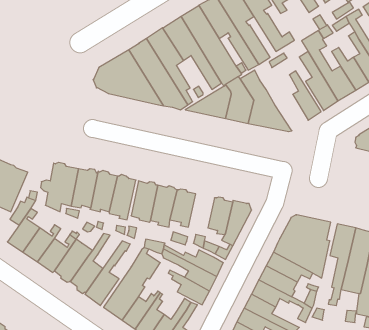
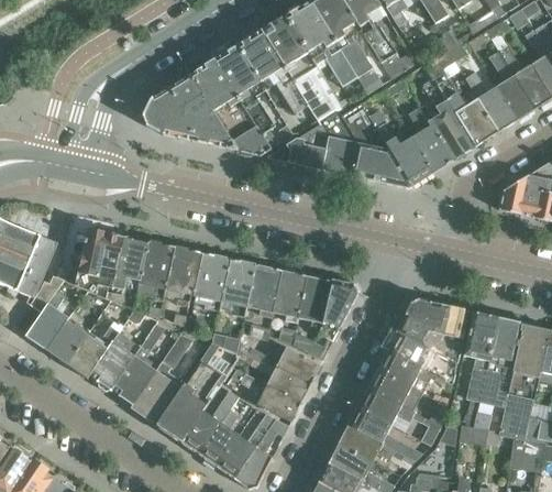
building: none -> [368,109,431,185]
building: none -> [273,270,307,321]

